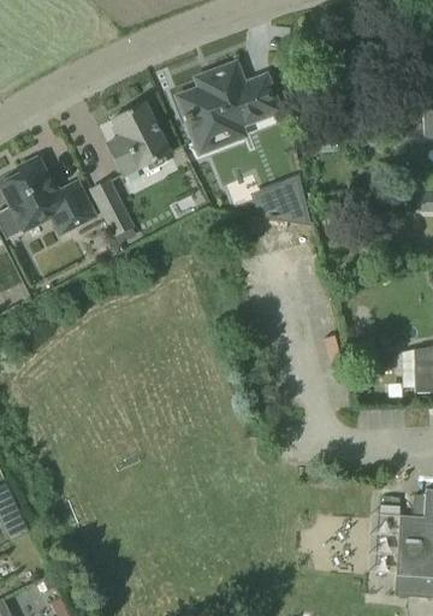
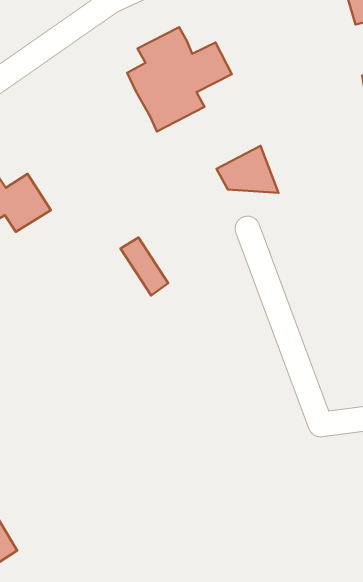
building: [107,101,171,174] -> none
building: [91,179,132,235] -> [120,237,168,295]

